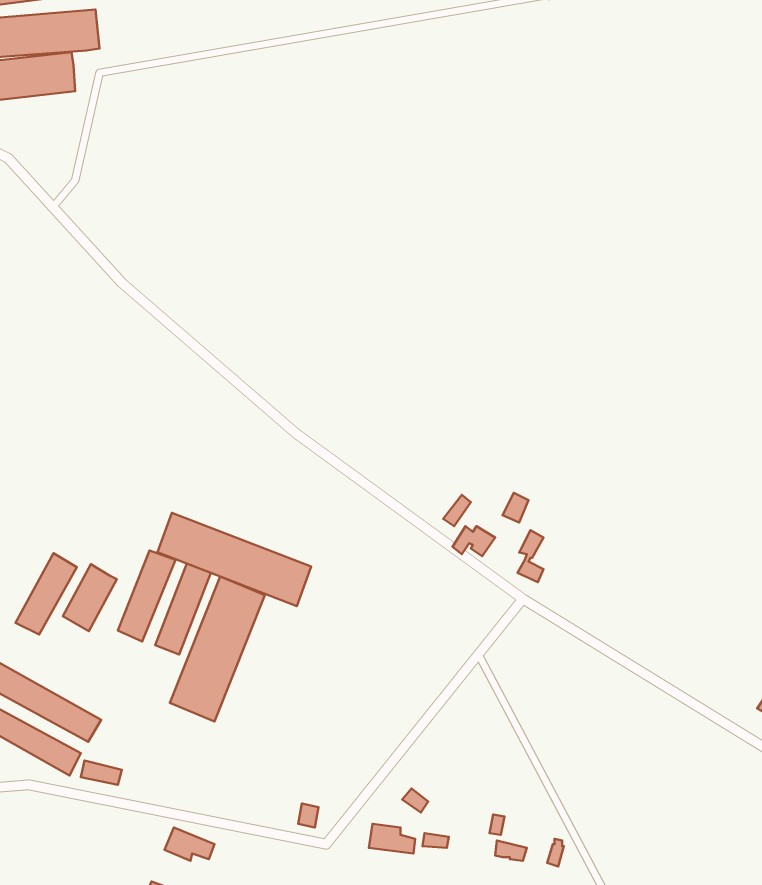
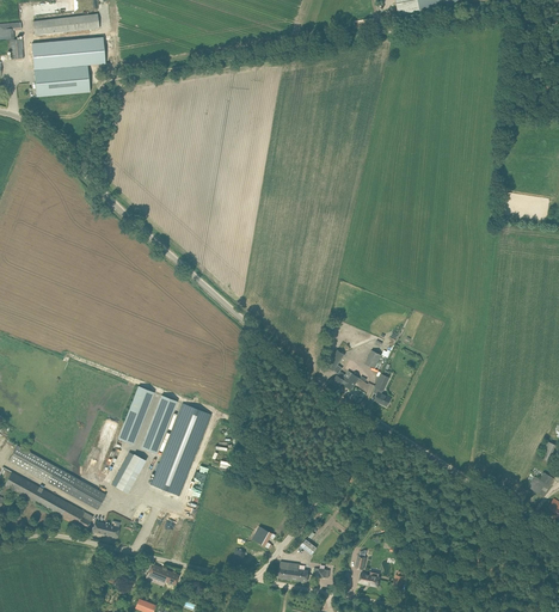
building: [158,513,311,606] -> none
building: [15,553,77,634] -> none
building: [63,564,117,631] -> [111,449,146,492]

